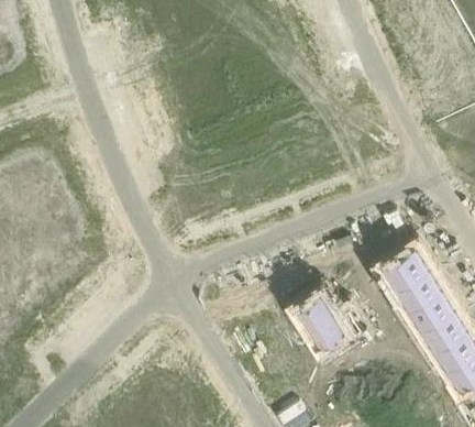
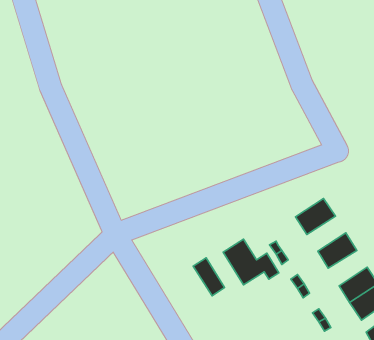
building: [389,263,435,305] -> none
building: [415,304,461,346] -> none
building: none -> [193,258,225,296]

